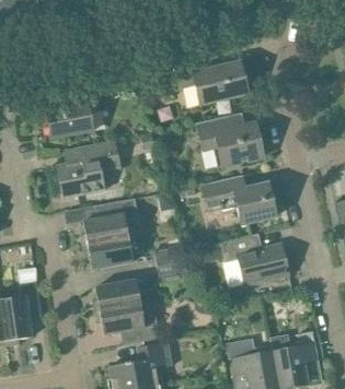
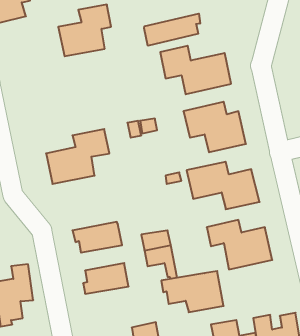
building: none -> [144,14,200,46]
building: [44,85,99,139] -> [58,5,111,56]
building: [81,198,140,246] -> none
building: [95,302,160,344] -> [161,271,224,312]

